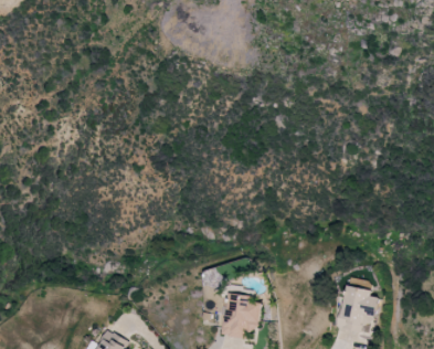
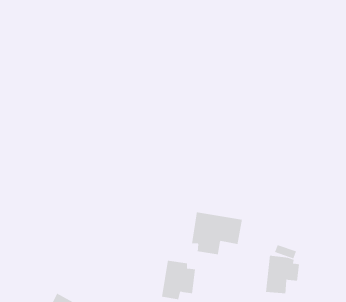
building: none -> [191,212,242,255]

